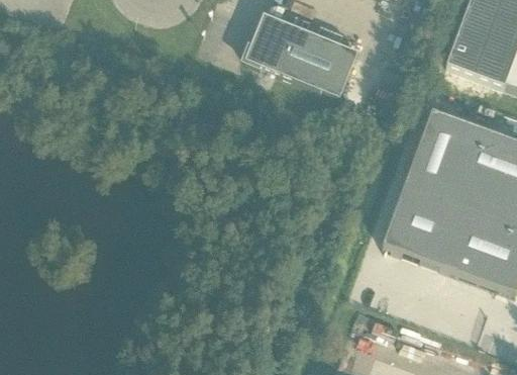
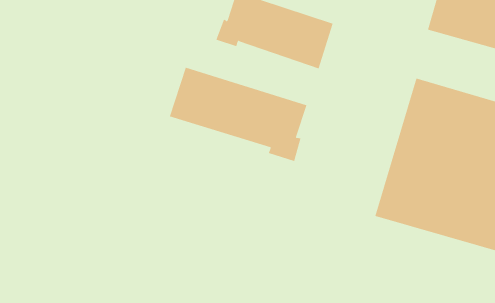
building: none -> [169,67,307,162]

